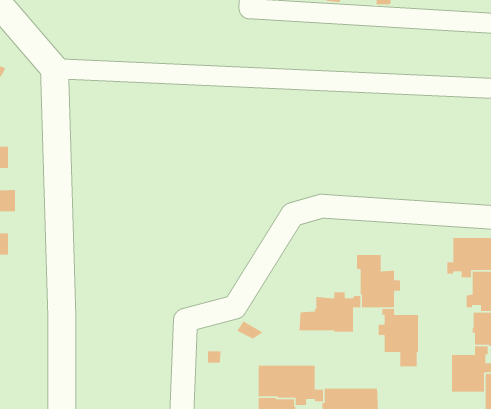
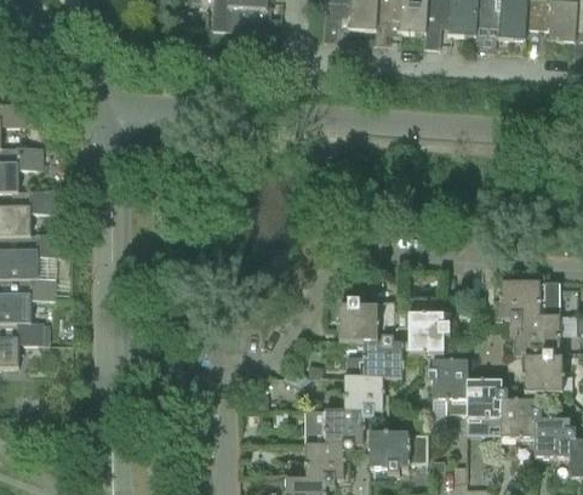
building: none -> [336,300,394,342]
building: none -> [465,372,507,433]
building: none -> [343,376,388,417]

